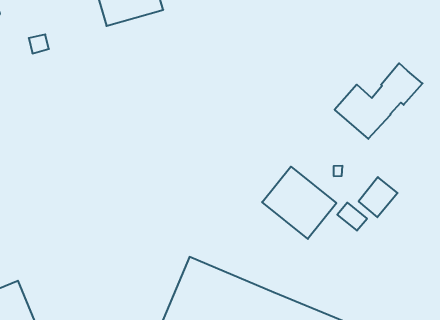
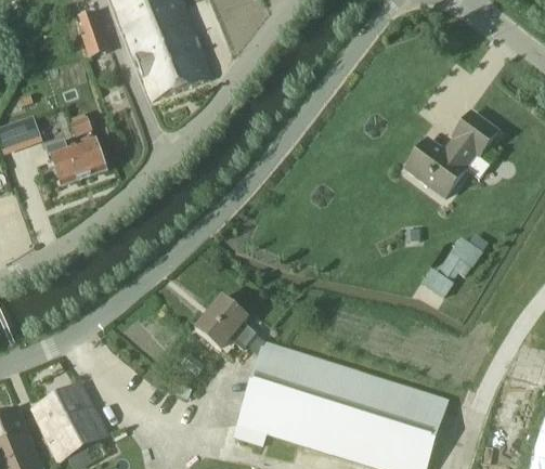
building: none -> [44,138,105,185]
building: [262,167,336,239] -> none
building: none -> [194,295,262,353]

